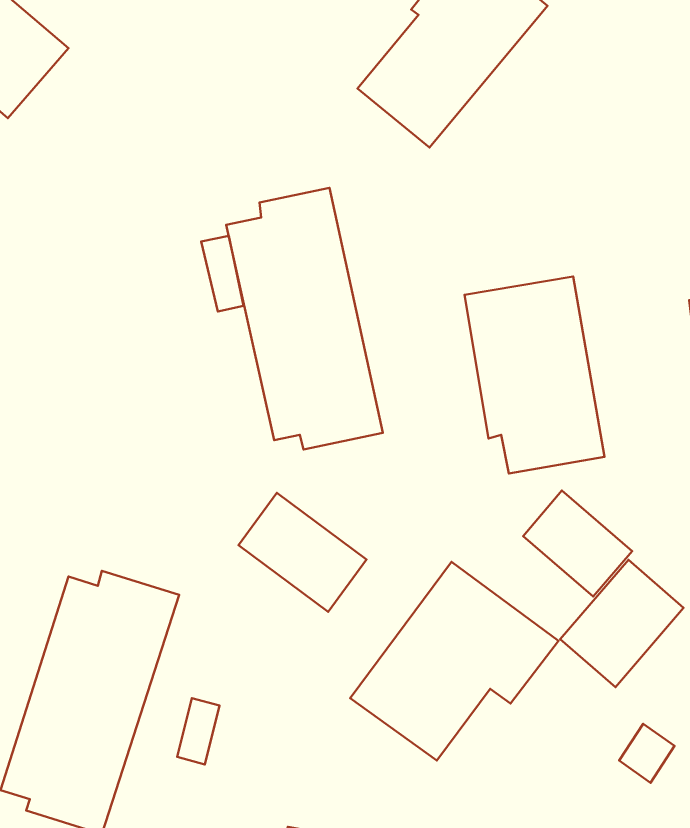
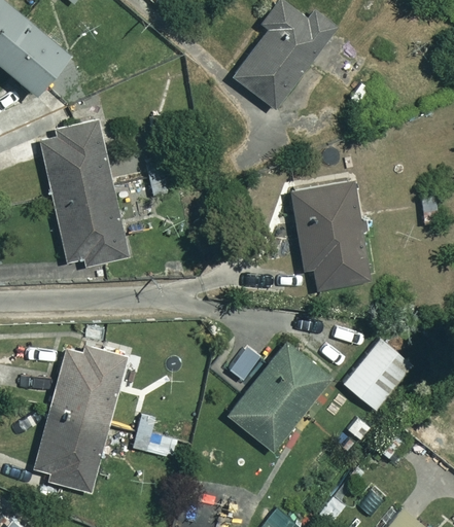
building: [226,188,383,449] -> [39,120,127,267]
building: [523,491,632,597] -> none
building: [238,493,367,612] -> none

